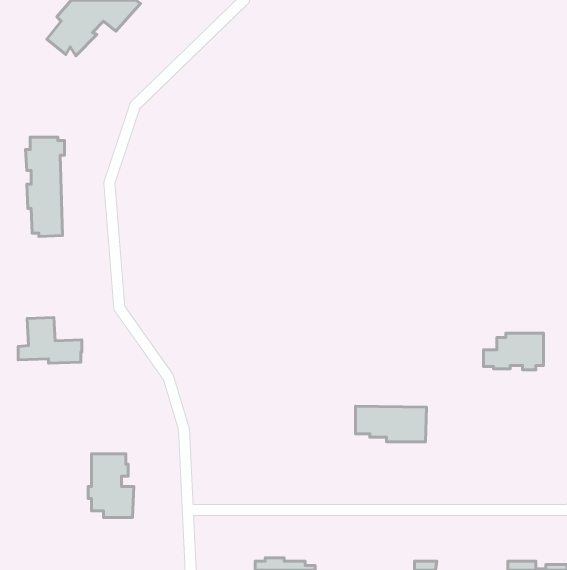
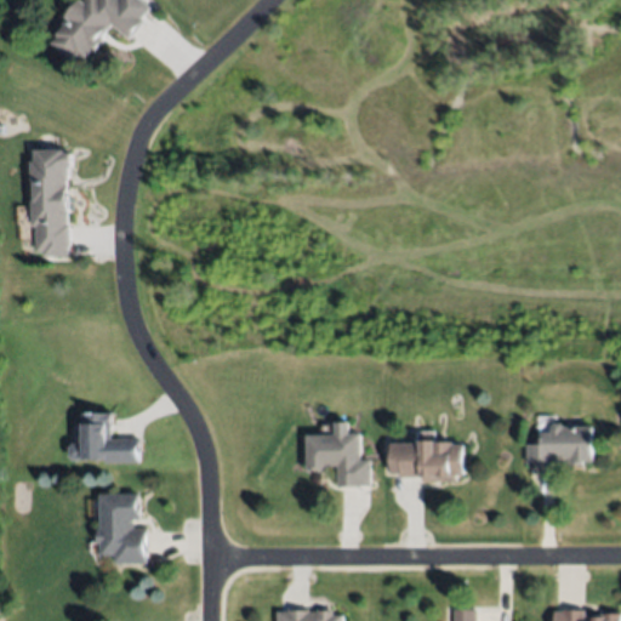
building: [18,317,82,363] -> [70,412,139,462]
building: [483,333,544,370] -> [524,426,589,466]
building: none -> [306,422,370,488]

